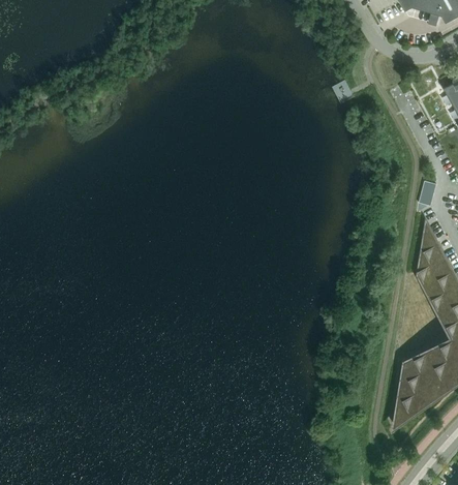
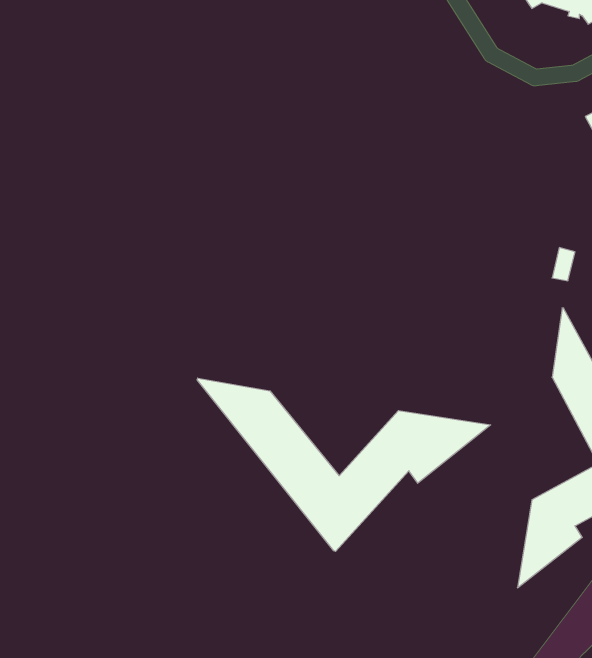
building: none -> [197,378,491,551]

